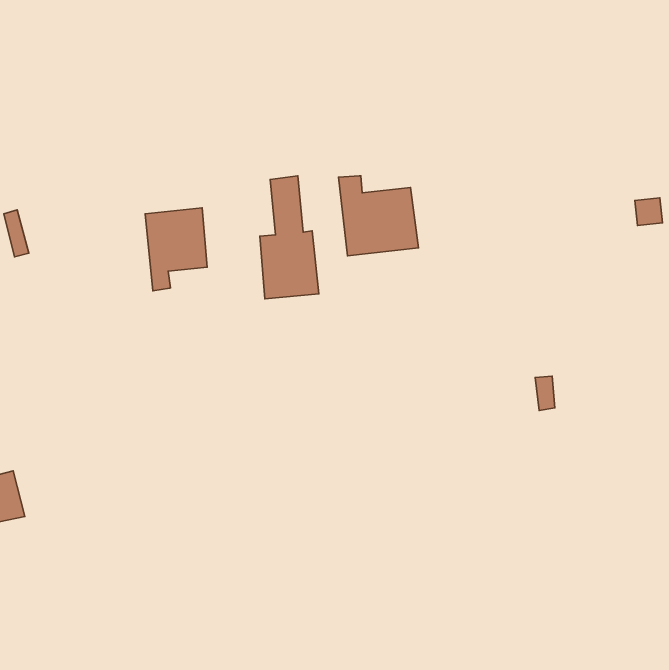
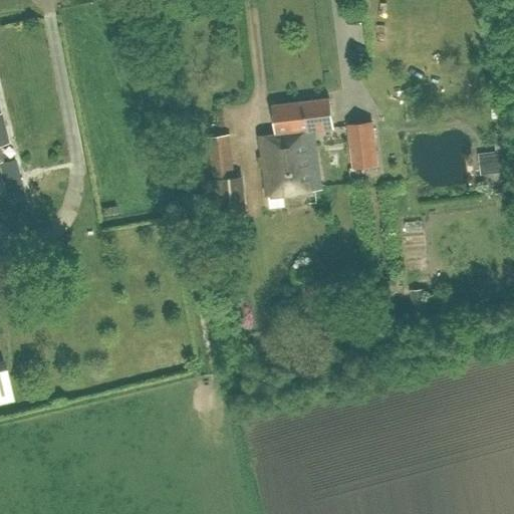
building: none -> [272,98,332,148]
building: none -> [345,121,377,169]
building: [145,208,207,291] -> none

